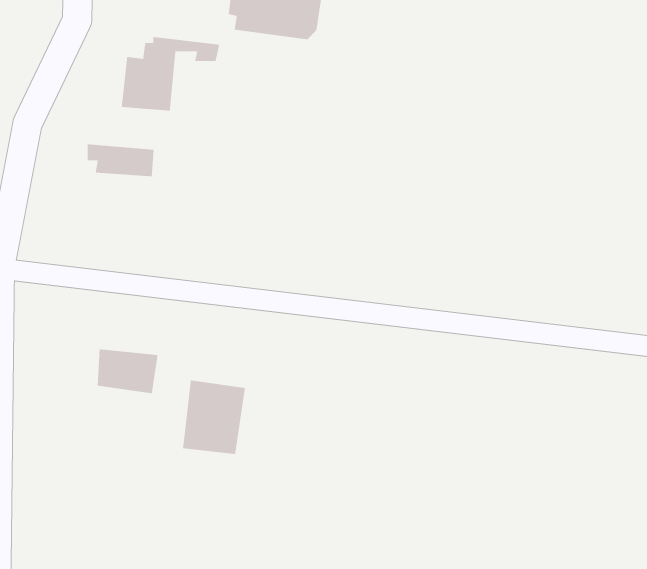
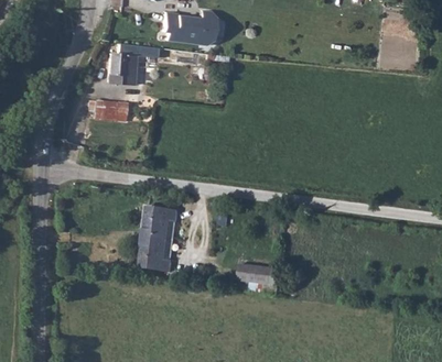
building: [97,348,159,394] -> [145,212,180,238]
building: none -> [236,265,277,286]

